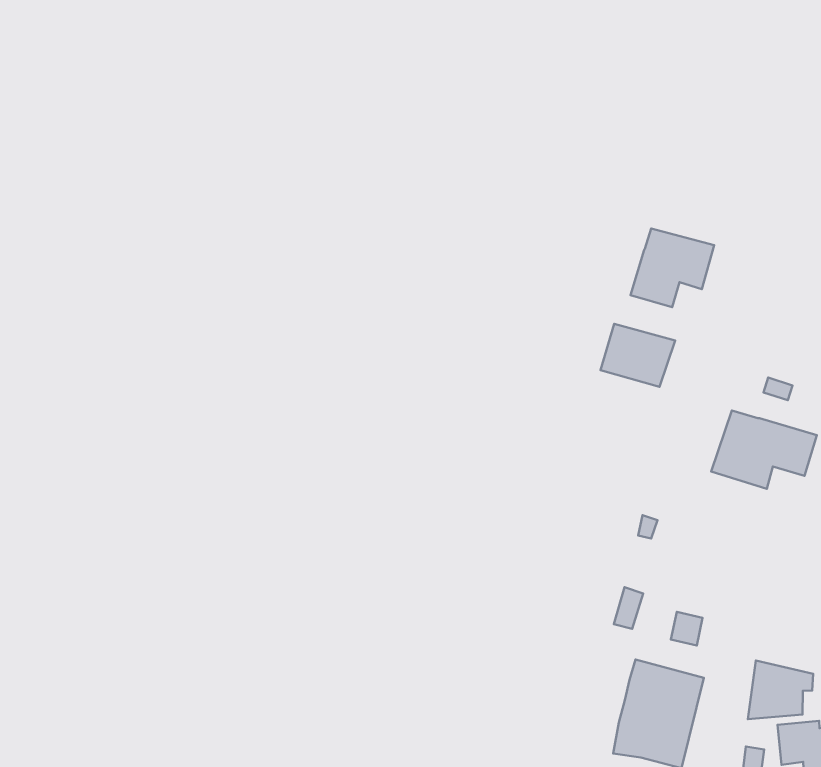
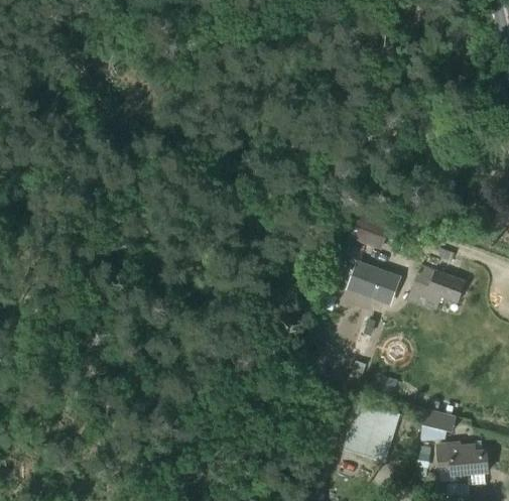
building: [631,228,714,307] -> none
building: none -> [346,260,400,305]

